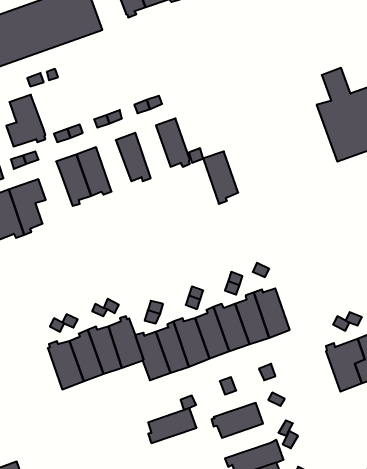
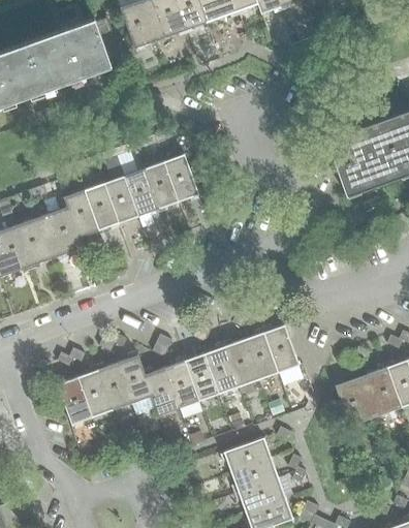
building: [6,95,45,146] -> [43,208,83,259]
building: none -> [104,176,139,227]
building: [203,151,238,204] -> [144,161,179,214]
building: [148,408,197,443] -> [230,460,279,495]

